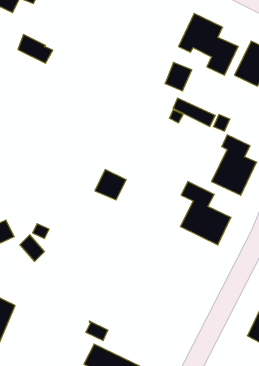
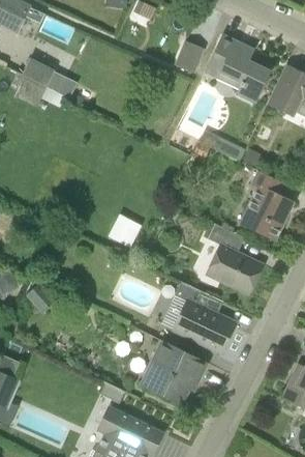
building: none -> [16,76,48,108]
building: [165,62,192,91] -> [176,41,206,74]
building: none -> [175,282,236,352]
building: none -> [142,341,208,405]

